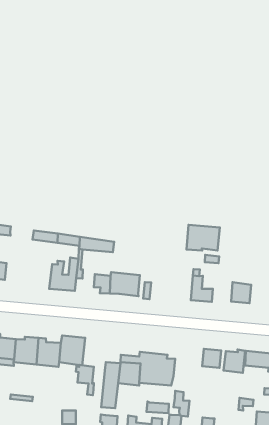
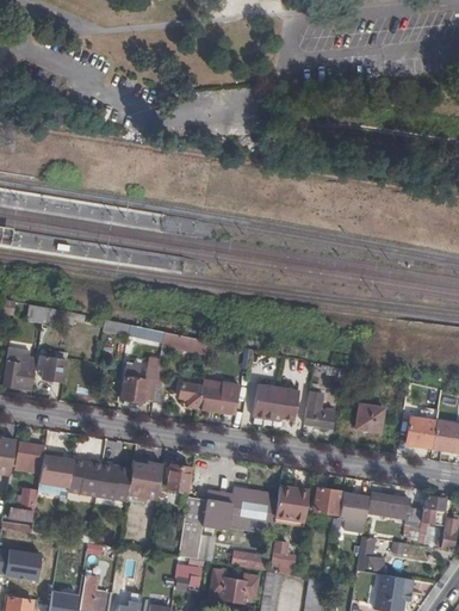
building: [186,225,220,250] -> [254,384,299,420]
building: none -> [275,486,310,526]
building: [76,365,94,395] -> [167,464,191,505]

